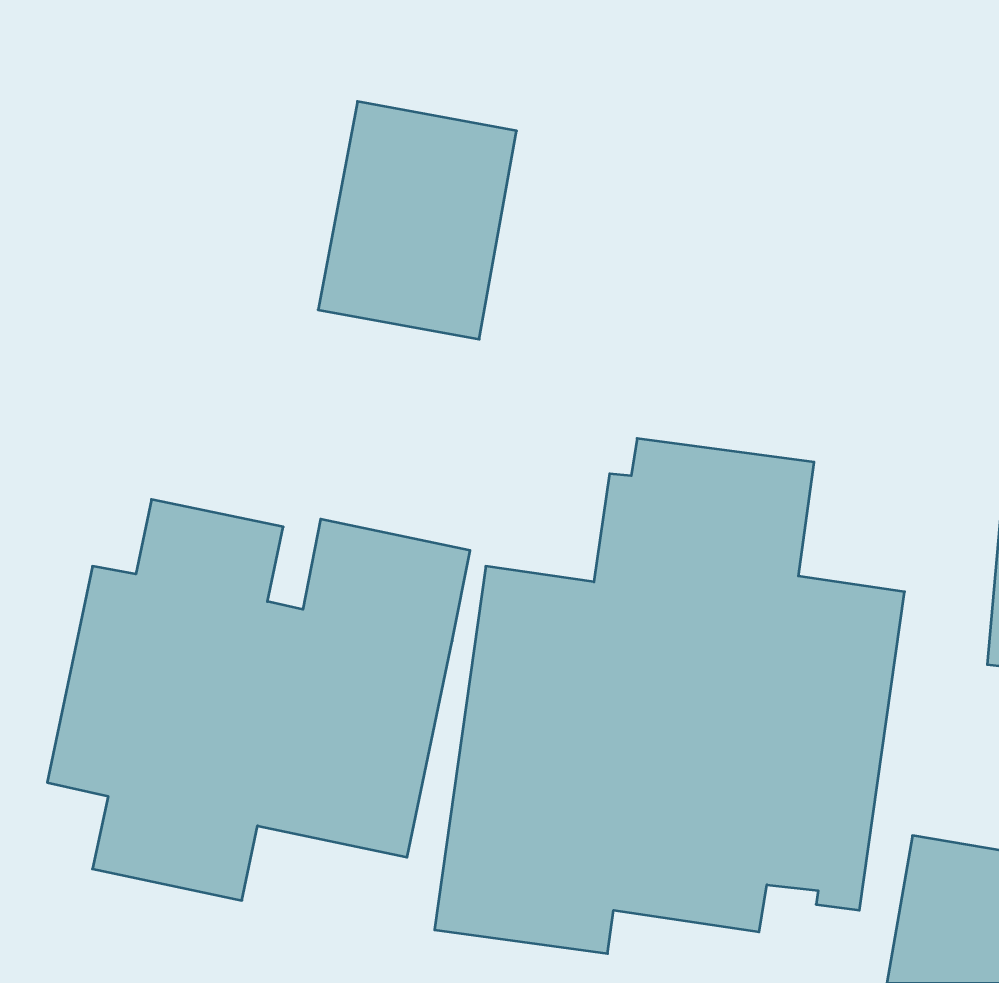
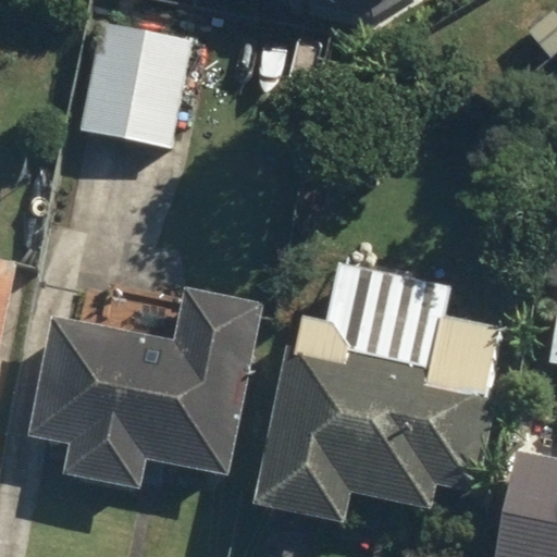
building: [318,101,517,339] -> [83,17,193,149]

